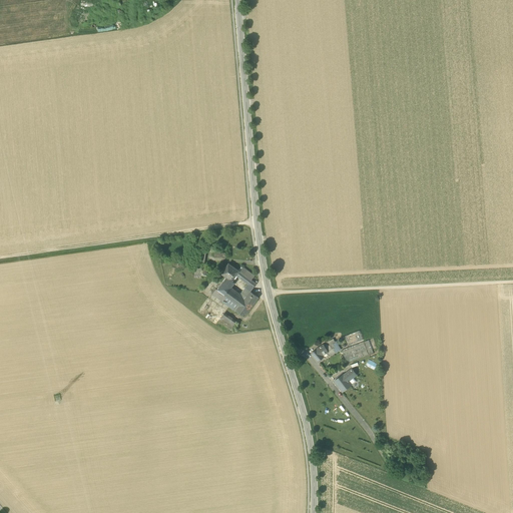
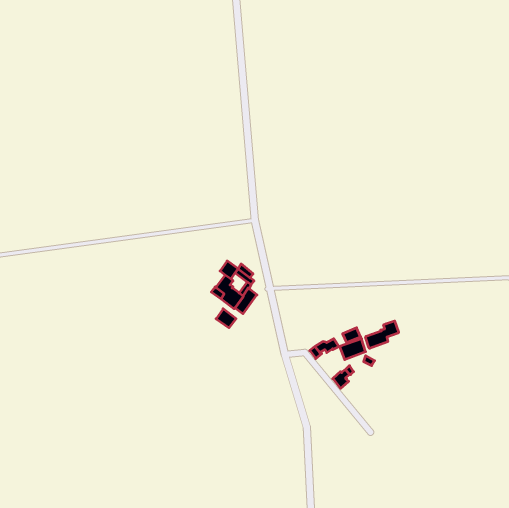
building: none -> [366,321,399,348]

